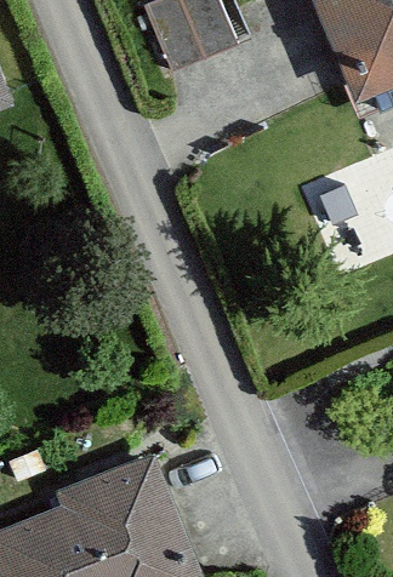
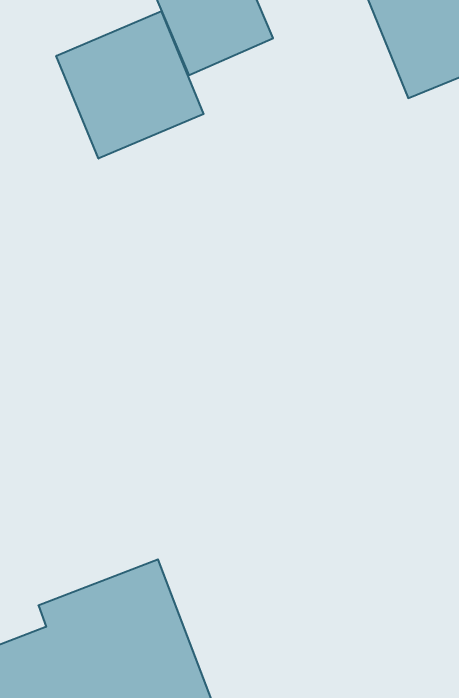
building: none -> [56,11,204,159]

